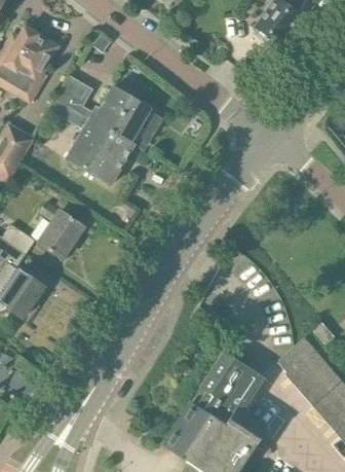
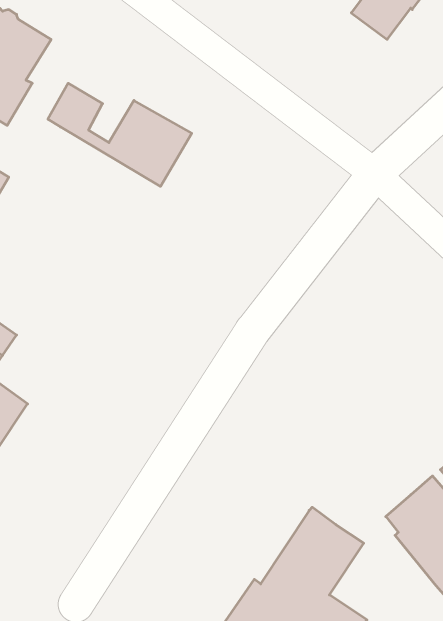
building: [57,104,135,184] -> none
building: [38,203,84,258] -> none

